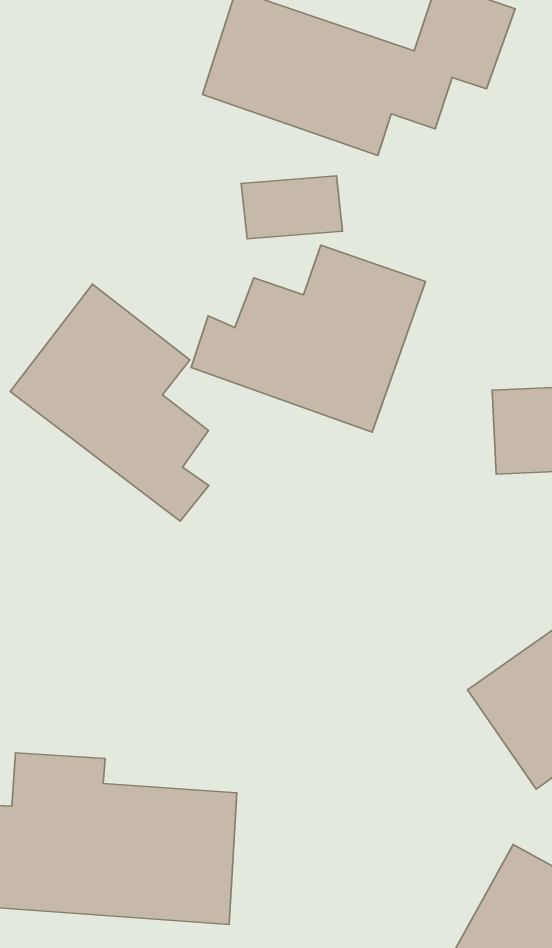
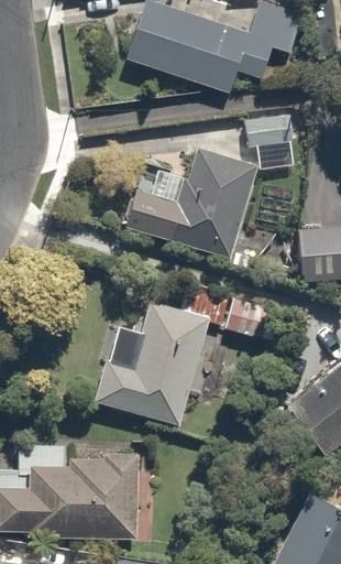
building: [241,176,342,239] -> [243,113,301,150]
building: [10,284,209,521] -> none
building: none -> [95,276,261,432]

